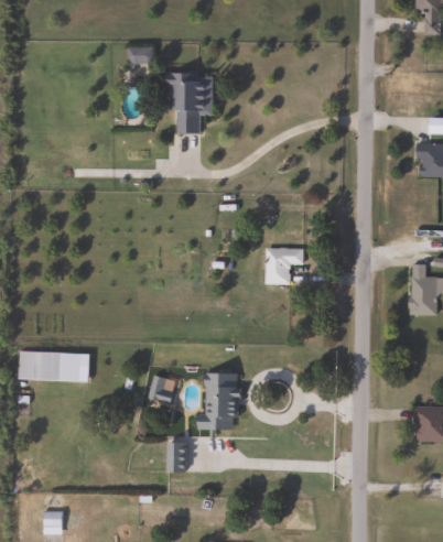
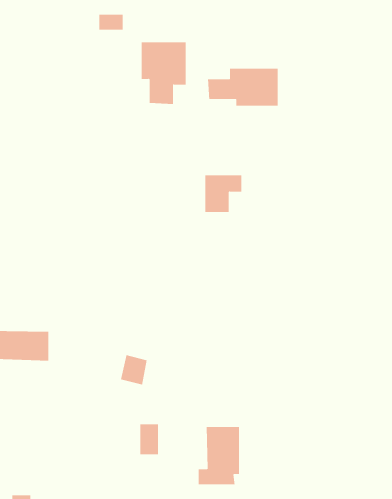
building: none -> [208,68,278,107]
building: [267,248,303,284] -> [204,175,242,213]
building: [198,372,239,429] -> [198,427,240,485]

